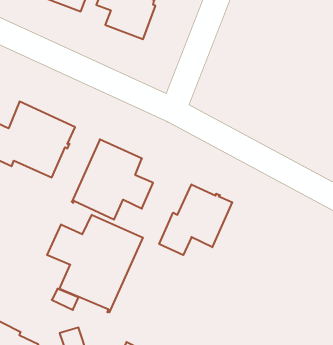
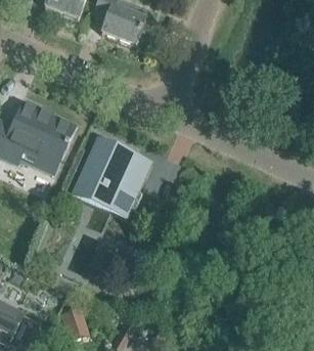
building: [159,184,232,255] -> none
building: [47,215,143,312] -> none

